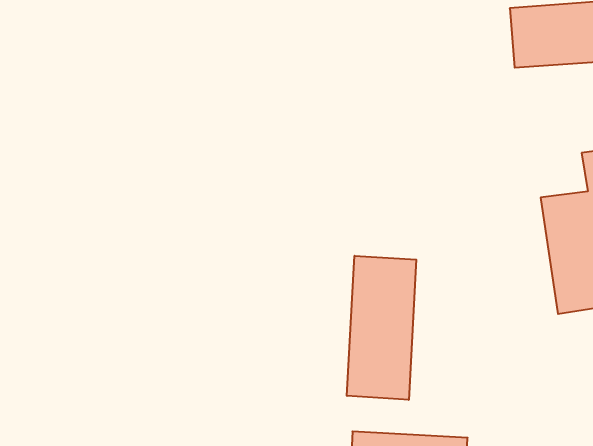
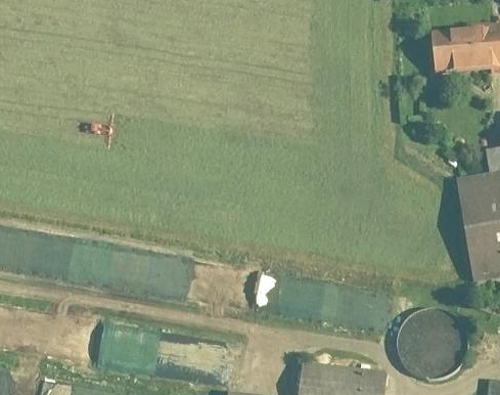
building: [347,256,416,400] -> none
building: none -> [396,306,468,379]

